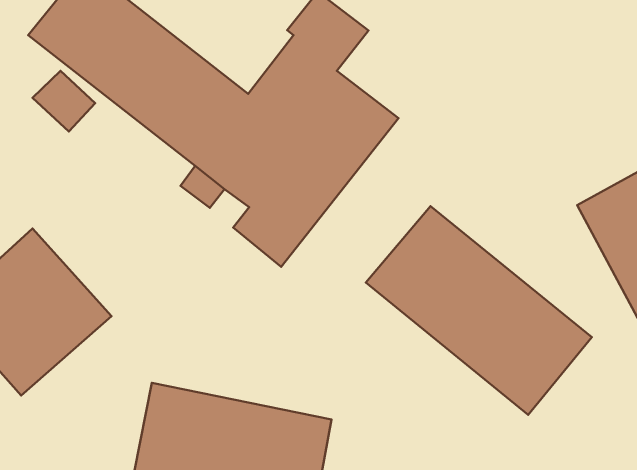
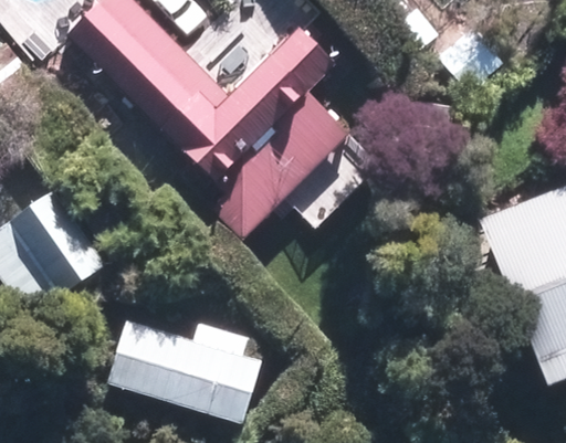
building: [366,206,592,415] -> none

